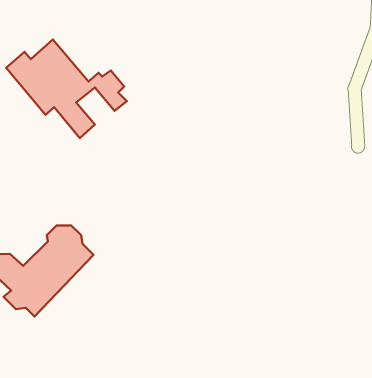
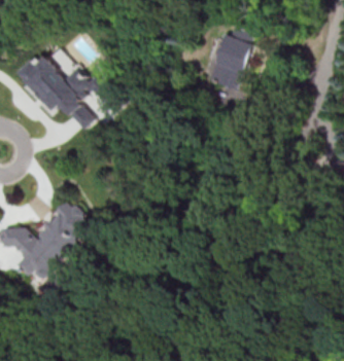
building: none -> [207,25,253,91]

